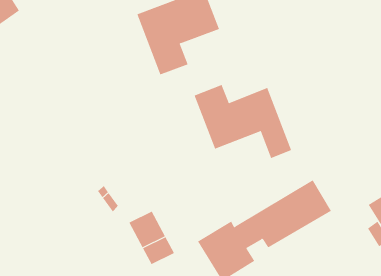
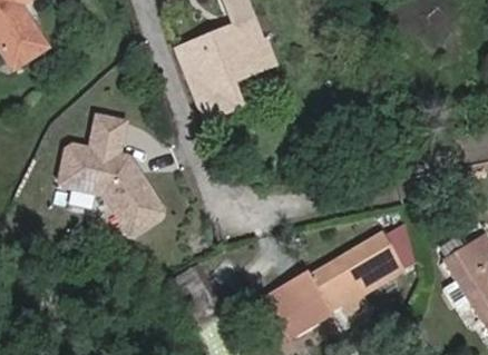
building: none -> [57,112,165,236]
building: [194,84,292,159] -> none

